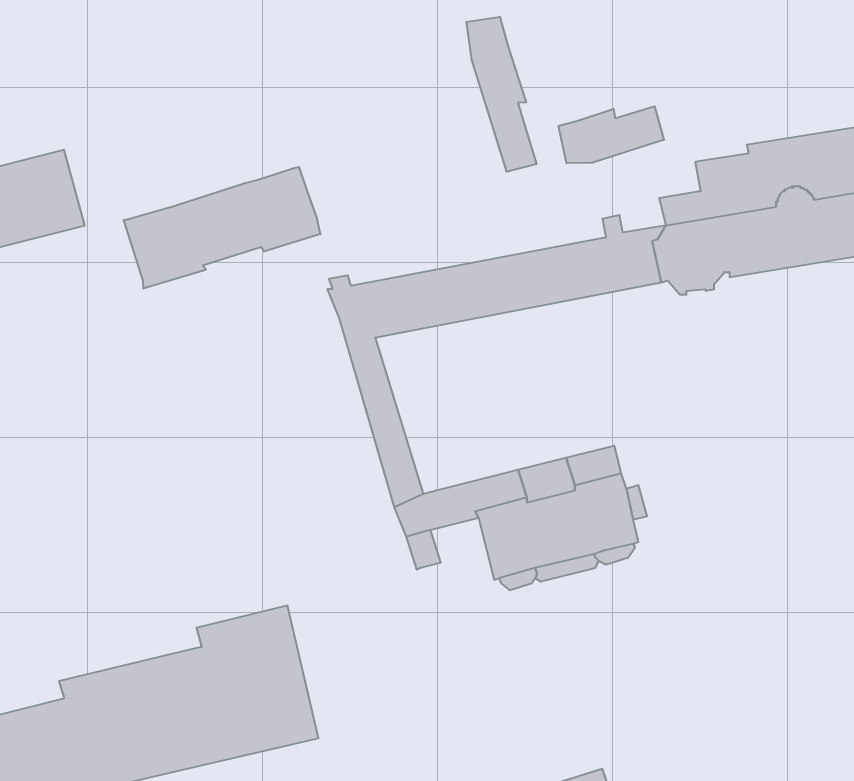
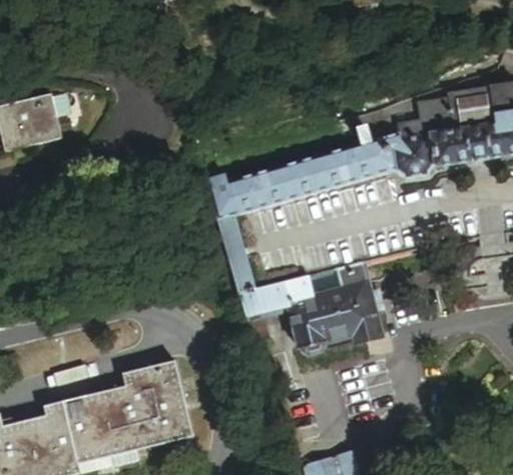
building: [467,17,536,172] -> none
building: [559,106,664,163] -> none
building: [124,167,320,289] -> none

